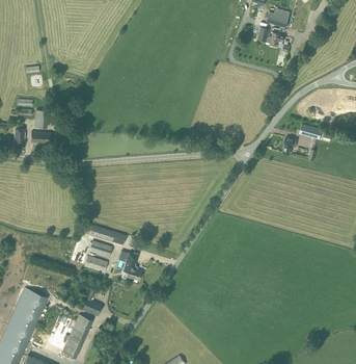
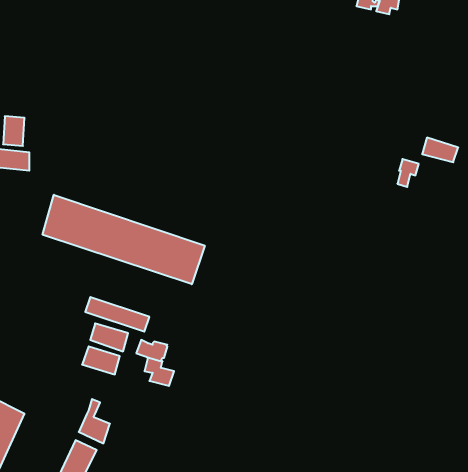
building: none -> [43,195,205,284]

